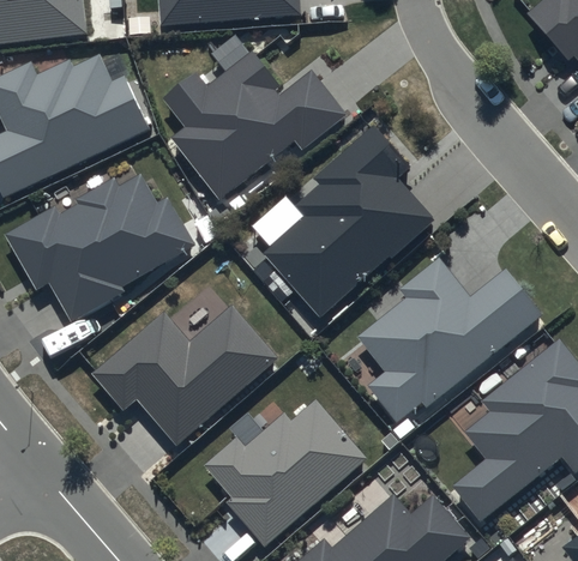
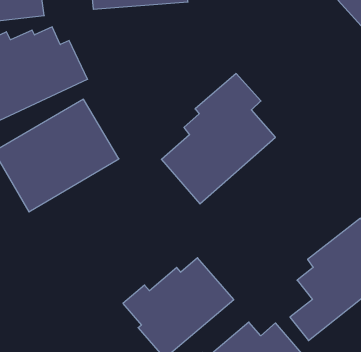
building: [161,48,347,199] -> none
building: [356,258,543,423] -> none
building: [92,303,278,446] -> none

